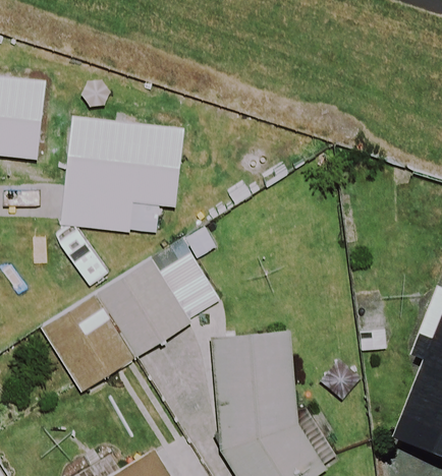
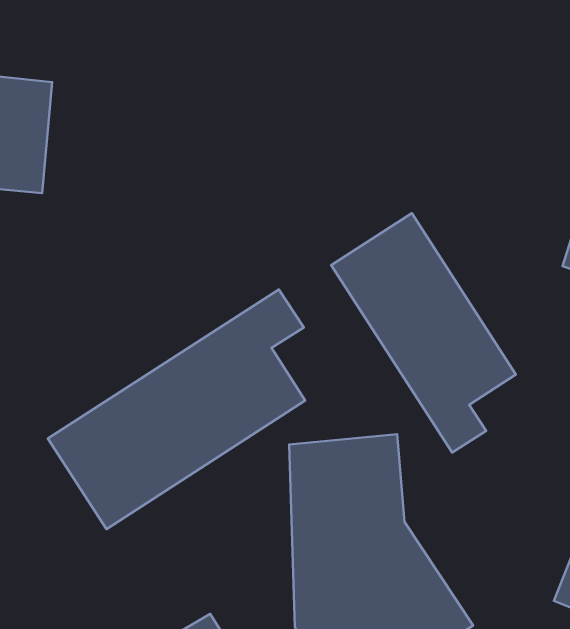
building: [58,117,182,234] -> none
building: none -> [331,213,516,452]

